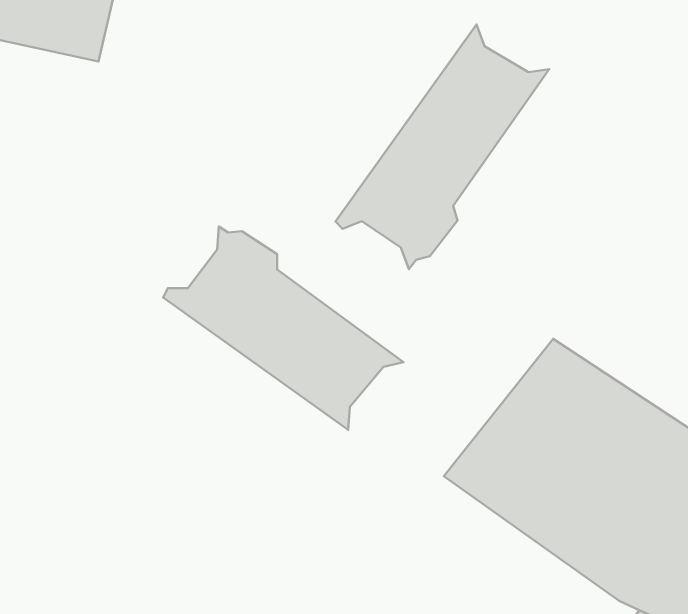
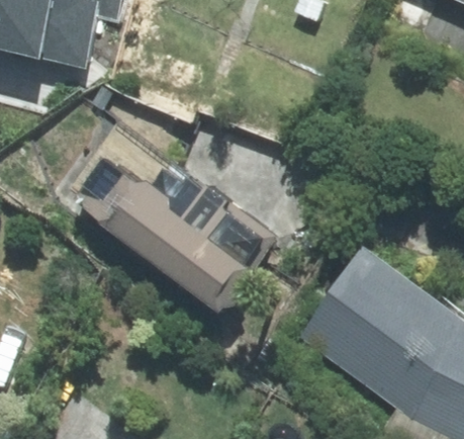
building: [335,25,549,269] -> none

